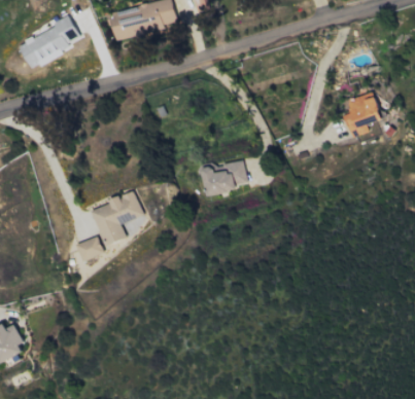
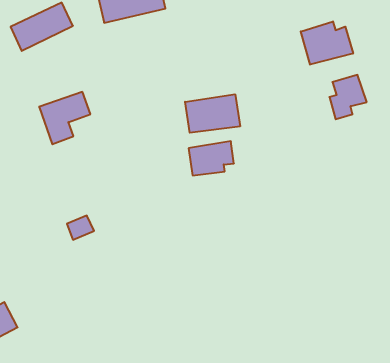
building: none -> [301,21,353,65]
building: none -> [185,94,240,133]
building: [91,192,143,246] -> [39,92,90,144]

